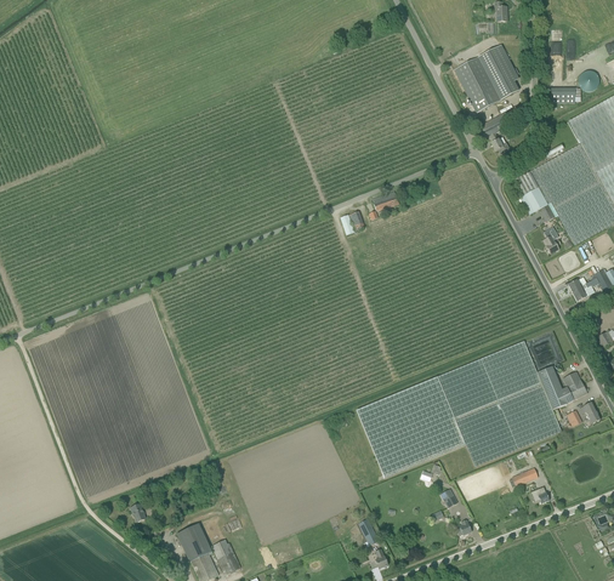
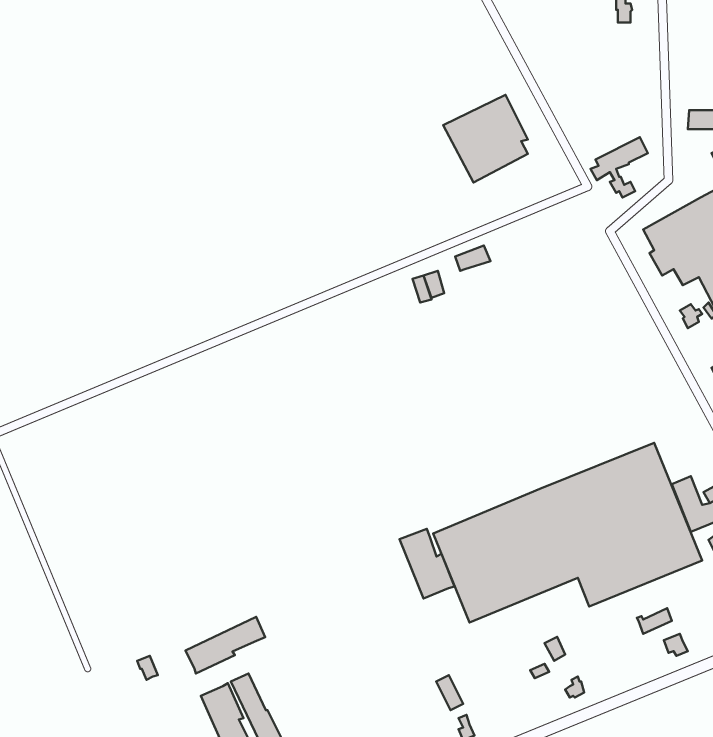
building: [455,45,519,112] -> [443,95,528,182]
building: none -> [400,529,454,598]
building: none -> [185,617,265,674]

